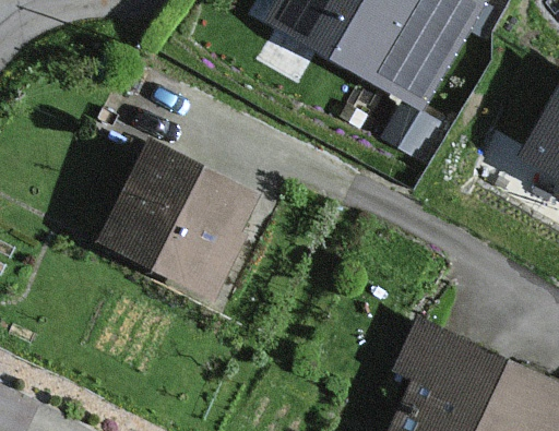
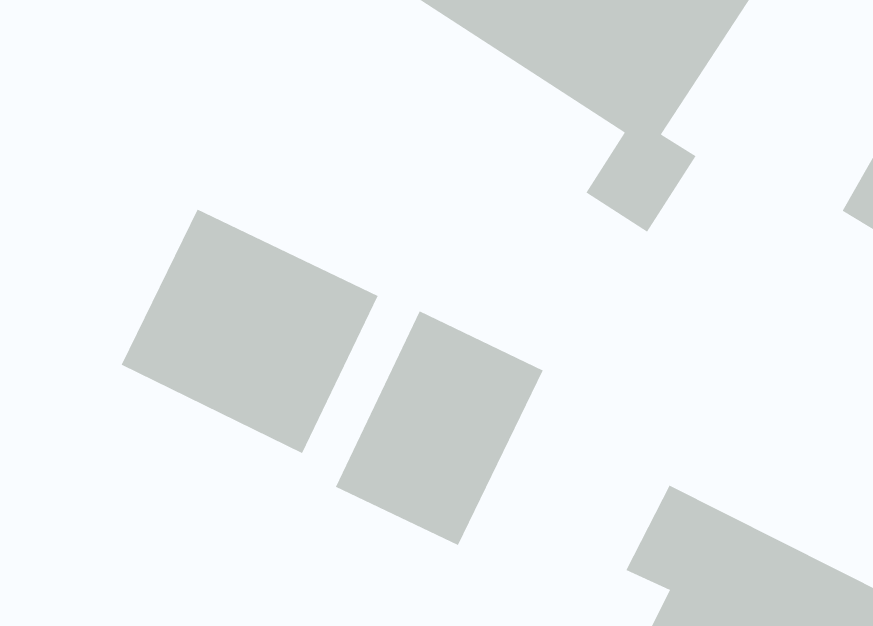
building: none -> [335,310,543,546]

